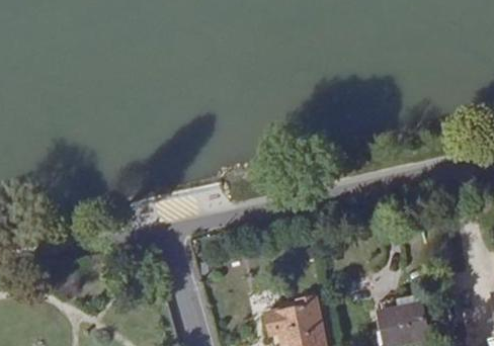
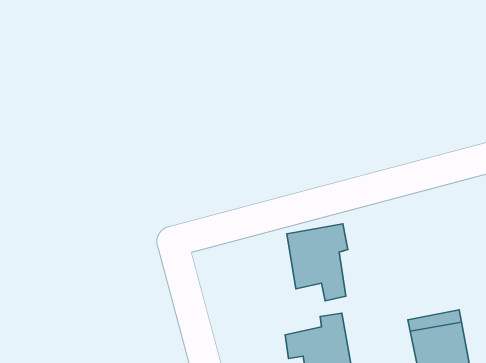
building: none -> [287,224,348,301]

